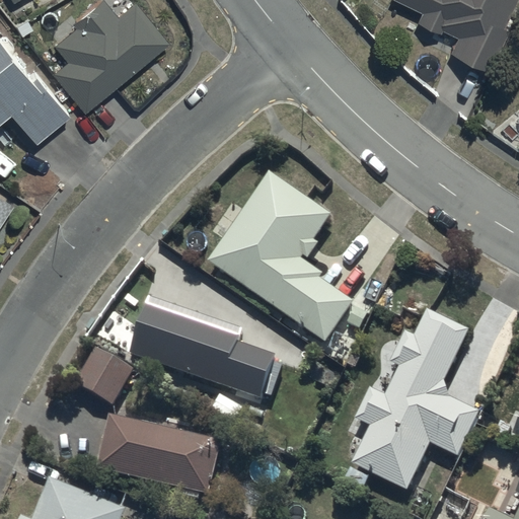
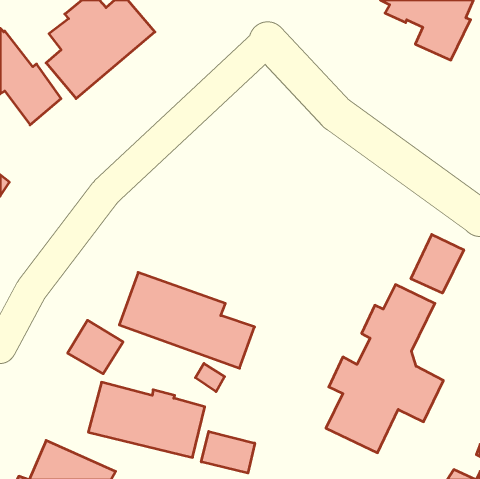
building: [207,170,354,342] -> none
building: none -> [411,234,464,293]
building: none -> [201,431,255,473]

